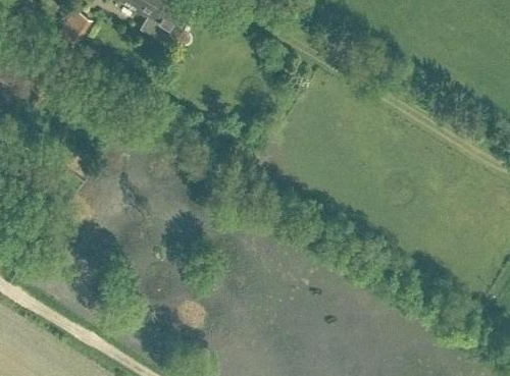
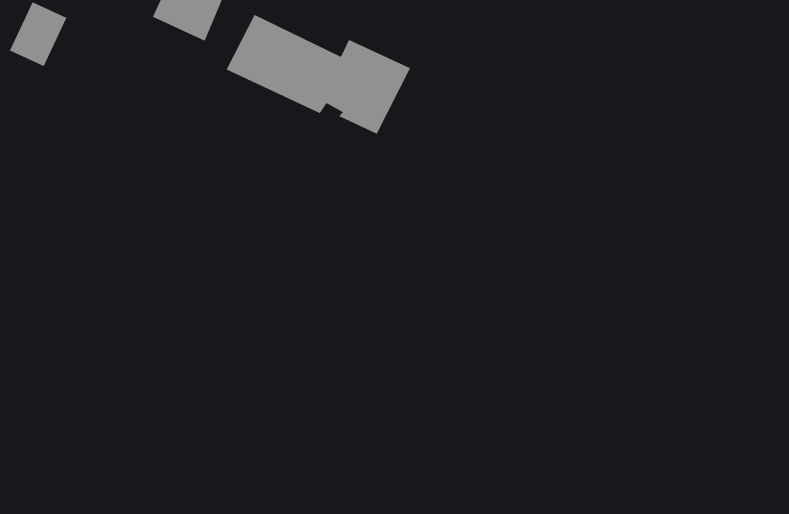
building: none -> [225,14,411,135]

